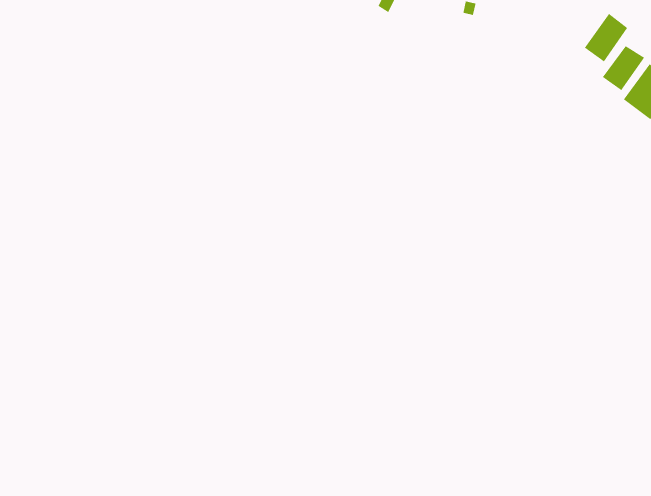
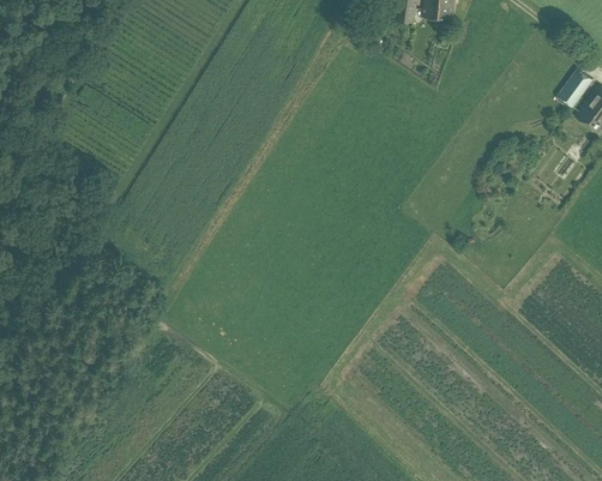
building: [584,13,628,63] -> none

